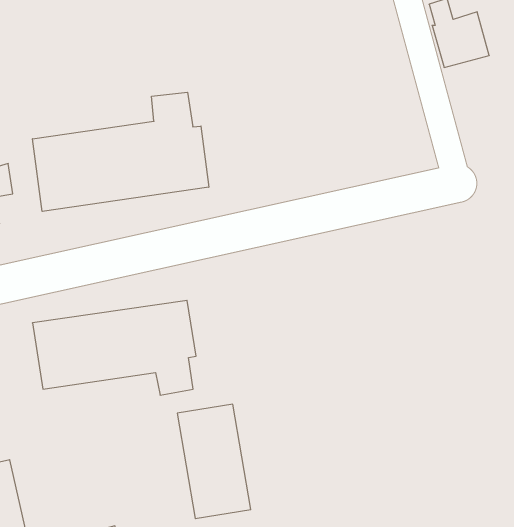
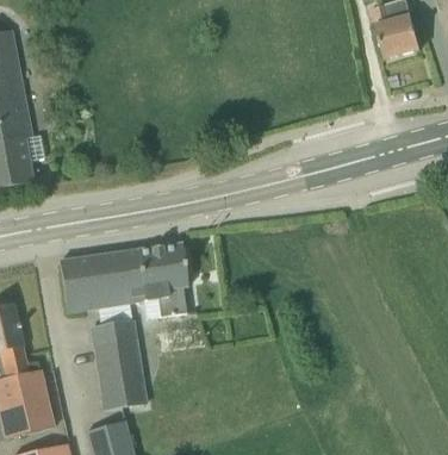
building: [33,92,209,211] -> none
building: [177,404,251,519] -> [89,318,148,409]

